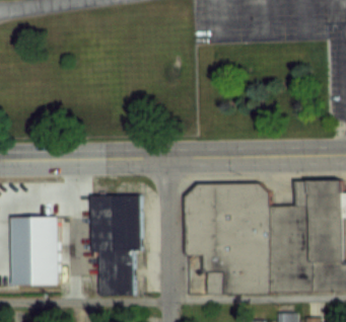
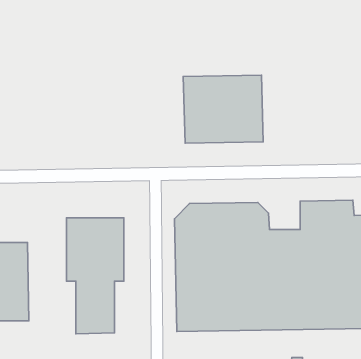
building: none -> [183,75,263,143]

